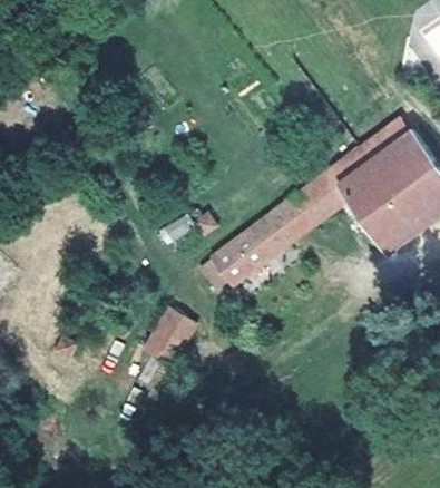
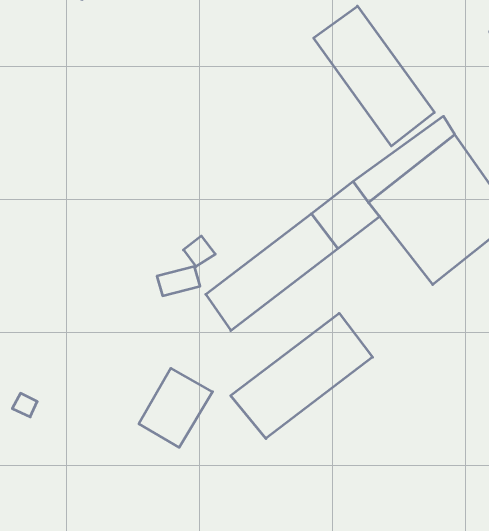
building: none -> [314,6,434,146]
building: none -> [231,313,373,439]

